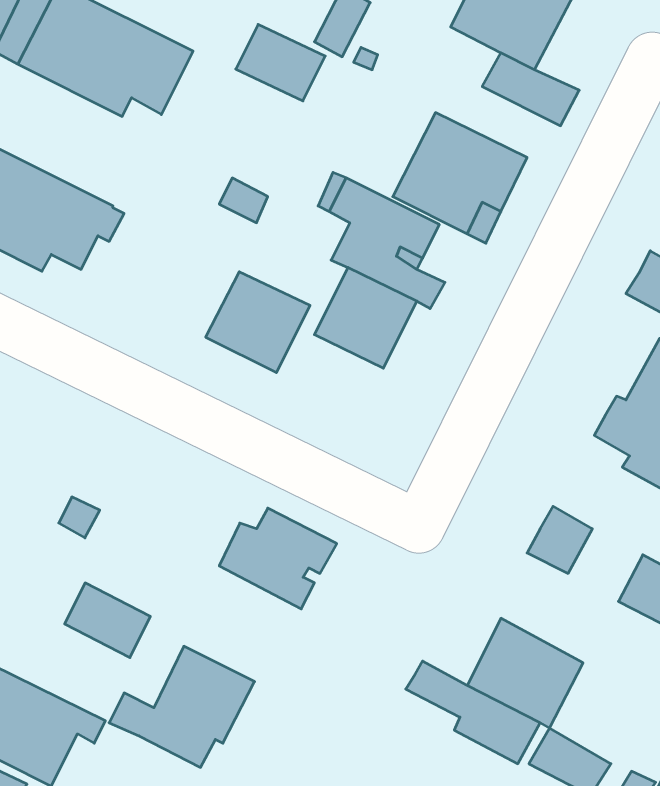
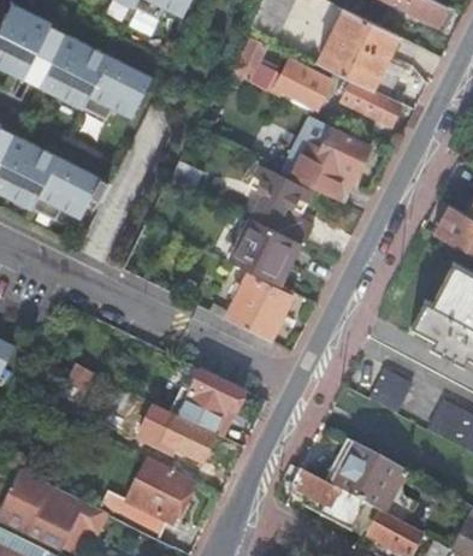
building: [236,24,325,101] -> [273,59,331,108]
building: [206,272,310,373] -> [224,274,291,339]
building: [65,583,150,658] -> [160,415,215,463]

